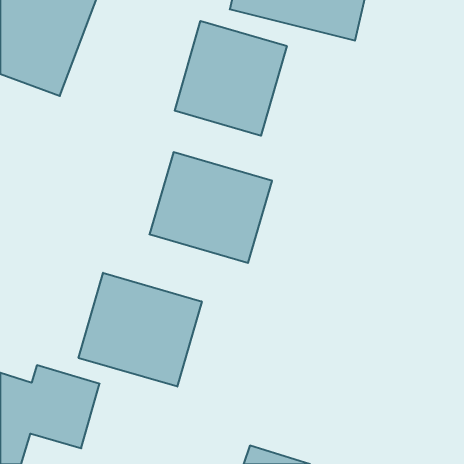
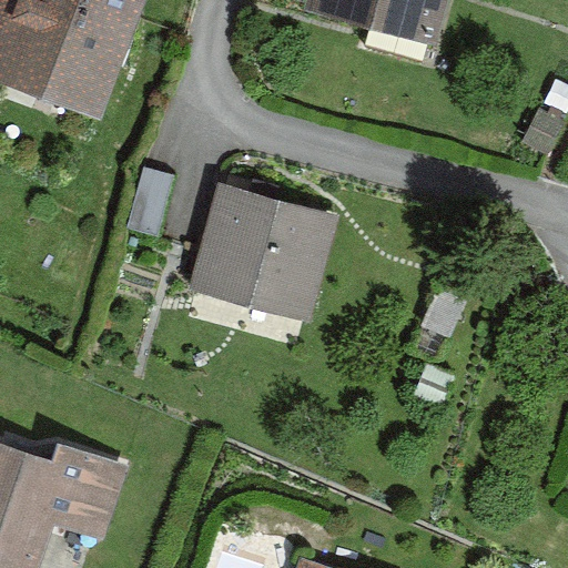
building: [175,21,287,136] -> none
building: [79,273,202,387] -> none

